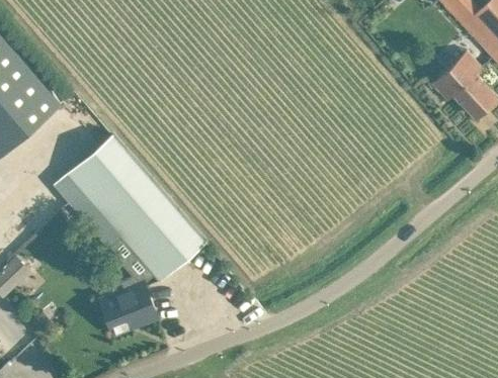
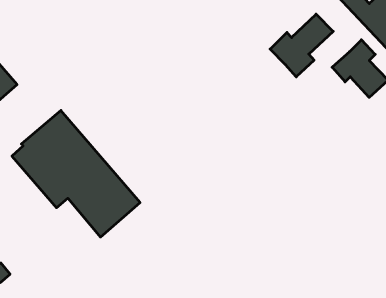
building: none -> [270,14,333,77]
building: [100,280,158,335] -> none

